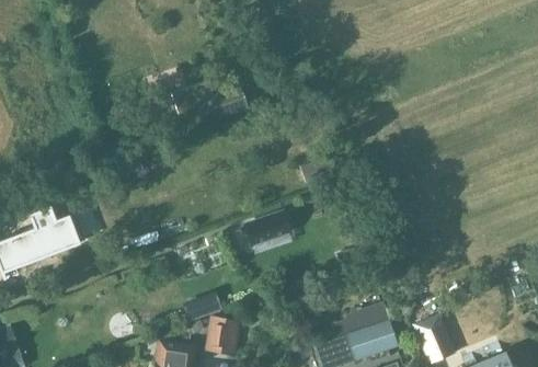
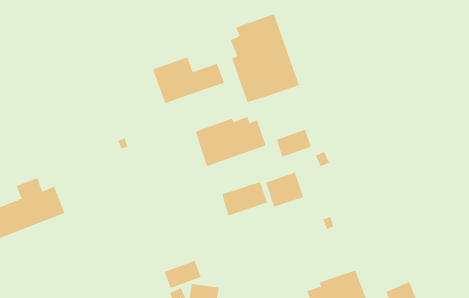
building: none -> [230,14,300,103]
building: none -> [195,116,266,167]
building: none -> [265,172,304,208]

